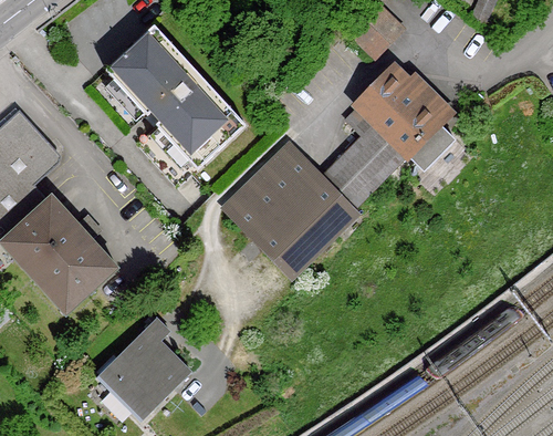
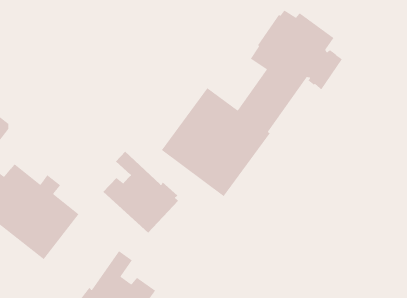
building: [106,24,246,169] -> none
building: none -> [103,151,179,233]

